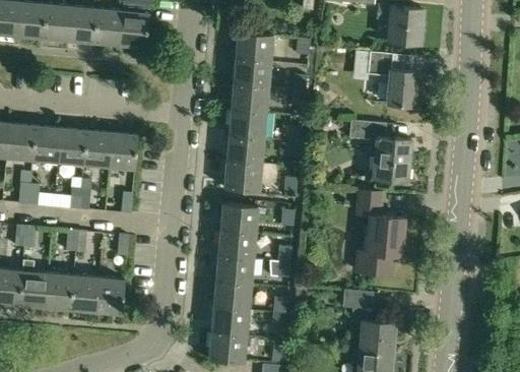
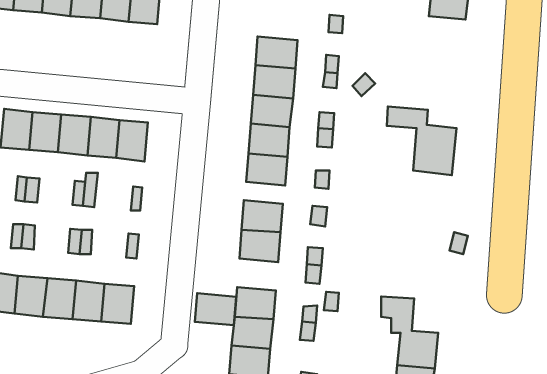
building: [235,33,272,62] -> none
building: [354,51,416,107] -> none
building: [355,190,404,274] -> none
building: [216,256,253,285] -> [195,293,236,325]

